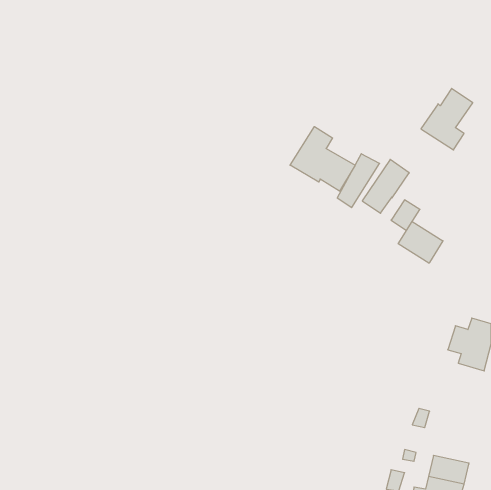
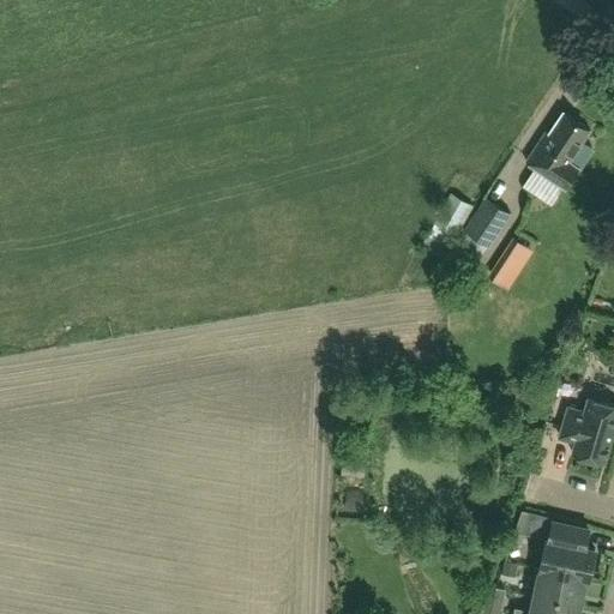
building: [290,127,355,191] -> none
building: [398,221,443,263] -> none
building: none -> [541,522,595,580]

